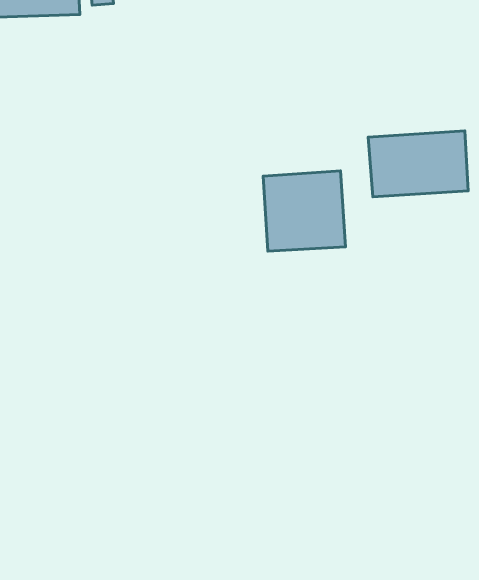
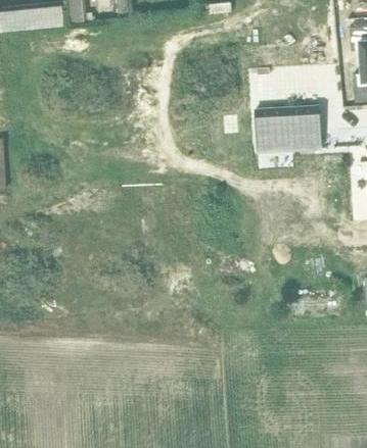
building: [263,171,345,251] -> none

